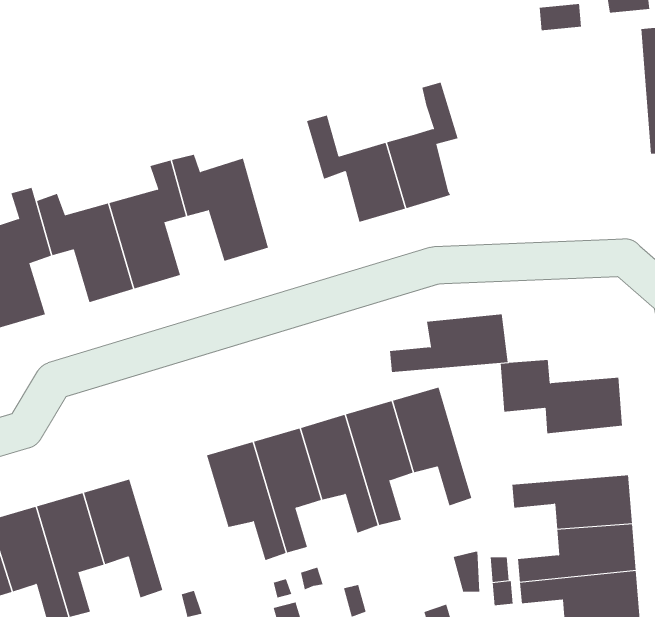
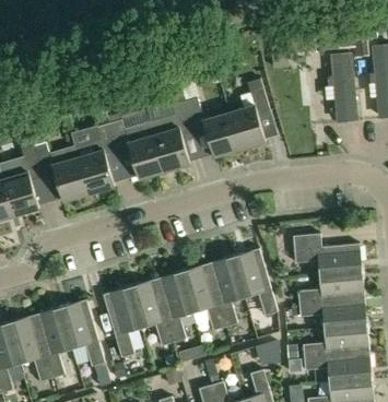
building: none -> [331,57,358,122]
building: none -> [150,100,195,172]
building: [389,314,508,372] -> [298,271,365,304]
building: none -> [103,287,141,358]

